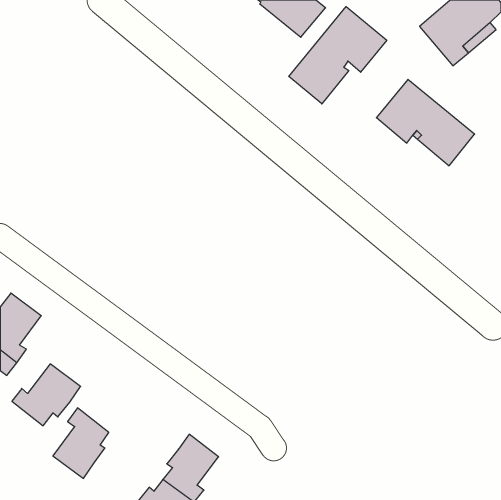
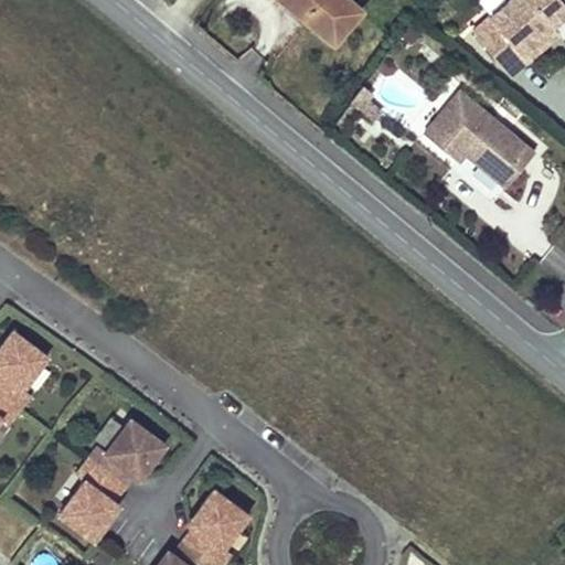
building: [289,7,387,104] -> none
building: [12,364,81,426] -> [87,418,164,488]

